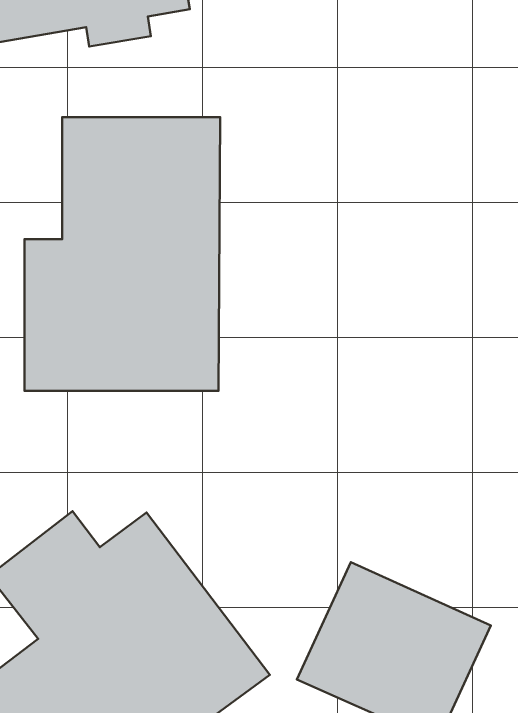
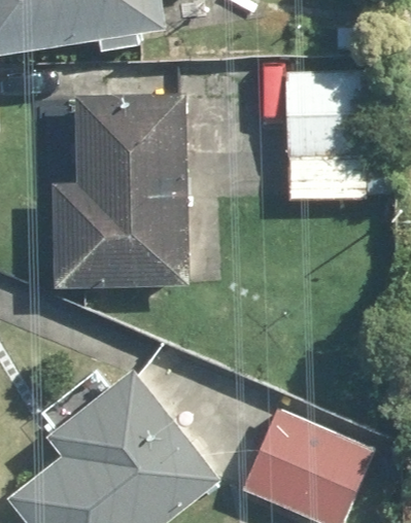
building: none -> [285,67,365,197]

